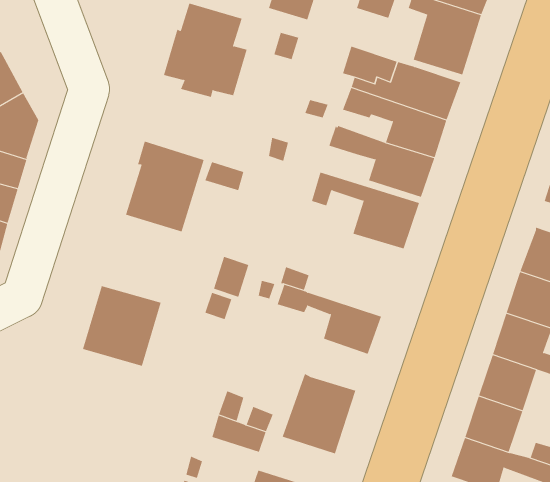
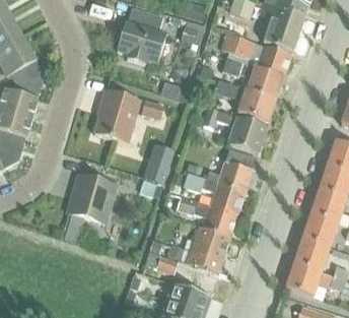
building: none -> [202,147,257,192]
building: none -> [177,195,237,236]

